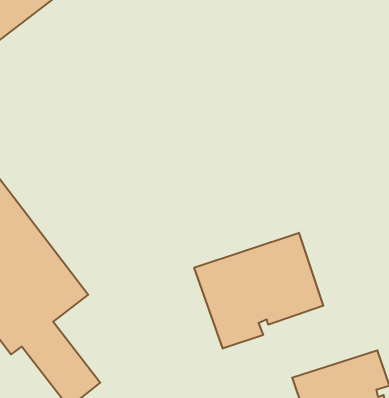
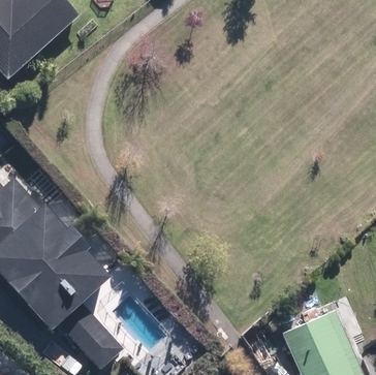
building: [194,233,323,349] -> none

